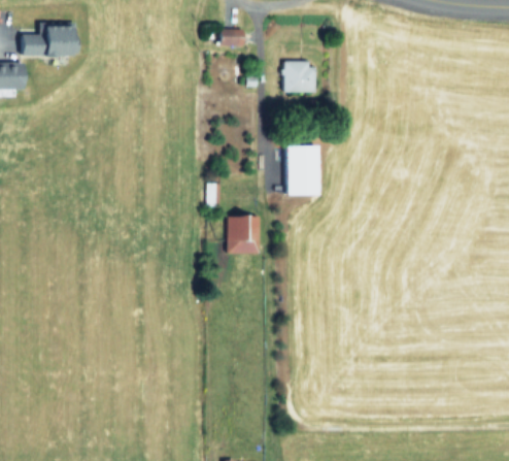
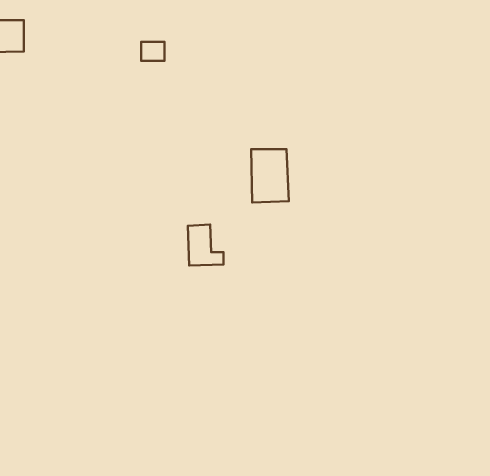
building: [223,28,244,45] -> [141,42,165,61]
building: [283,62,315,92] -> none

